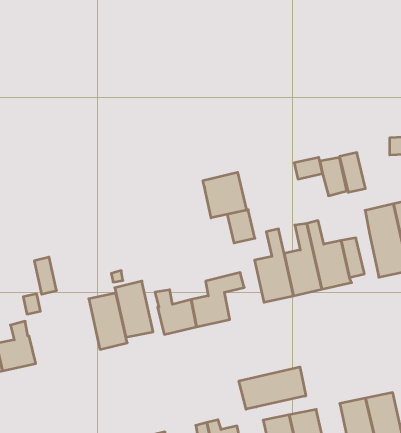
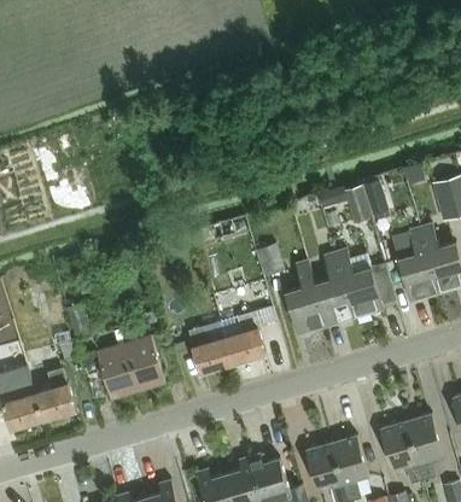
building: [203,172,246,218] -> none
building: [115,281,153,337] -> [97,342,138,398]
building: [239,367,306,409] -> none

